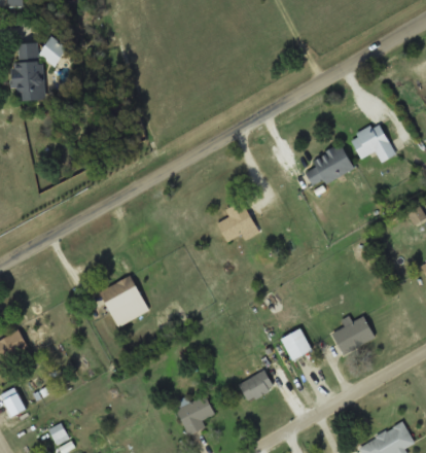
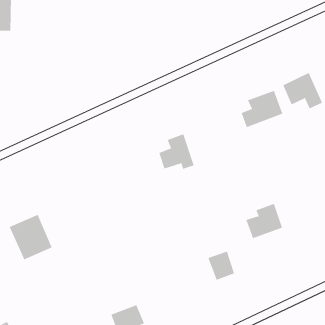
building: [99,275,149,327] -> [9,214,52,260]
building: [332,312,375,353] -> [246,203,283,239]
building: [239,371,275,402] -> none

